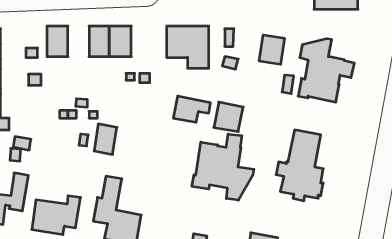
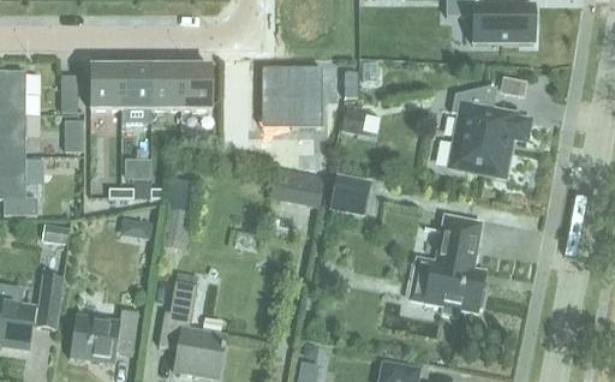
building: none -> [121,66,151,121]
building: [259,35,284,64] -> none
building: [192,134,254,200] -> none

